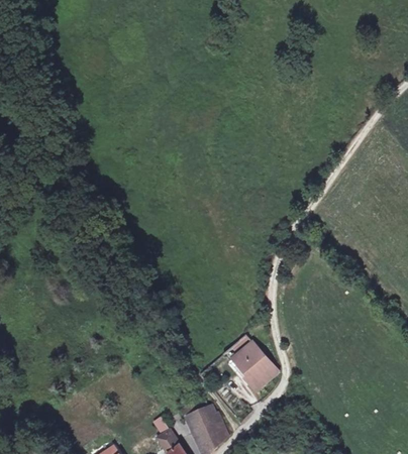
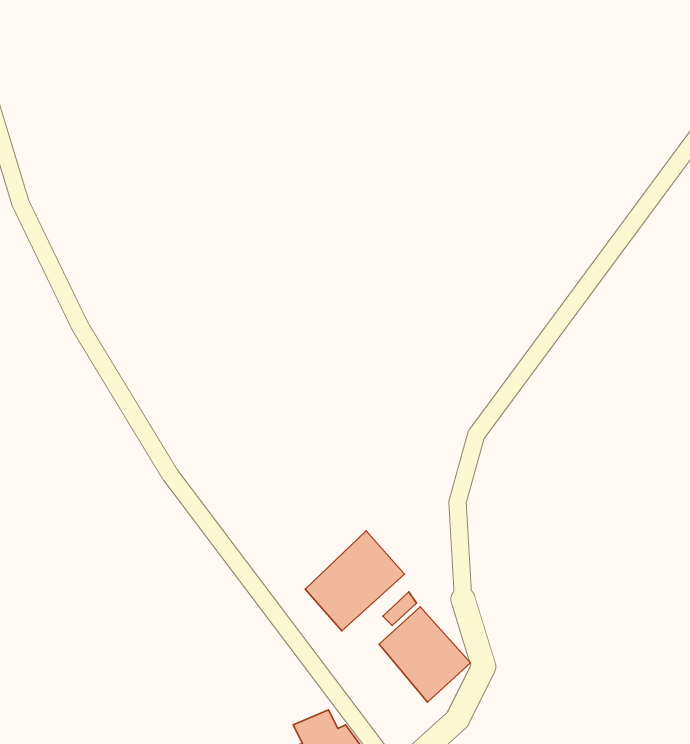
building: none -> [305,531,405,631]

